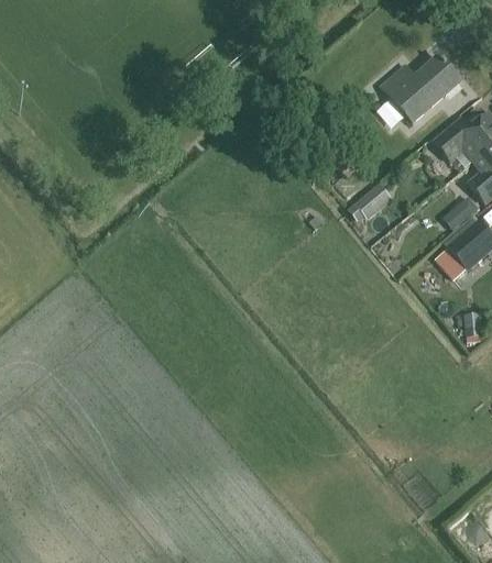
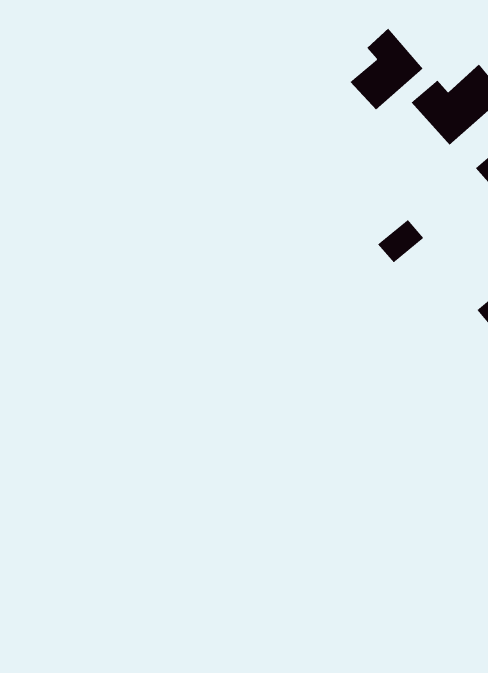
building: none -> [350,28,423,111]

